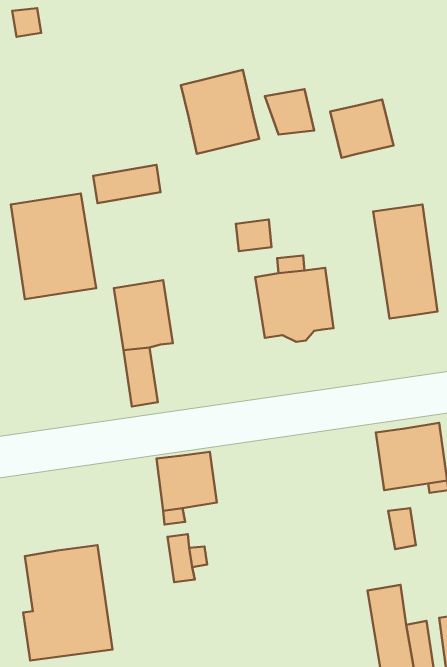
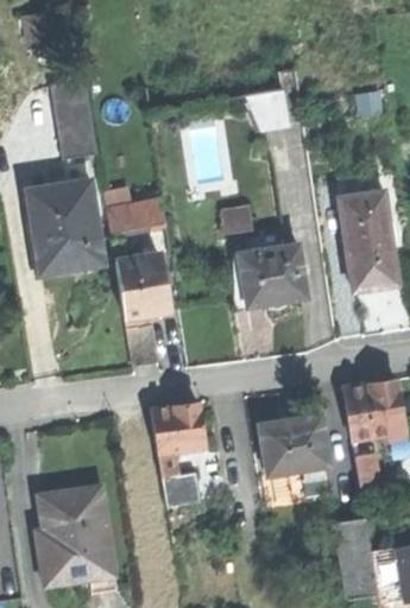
building: [181,70,259,154] -> none
building: [330,99,393,158] -> none
building: [93,165,160,203] -> [107,198,165,232]
building: none -> [261,416,329,481]

